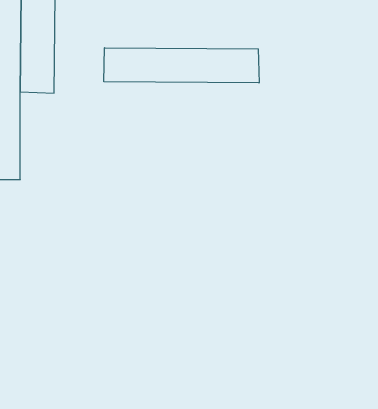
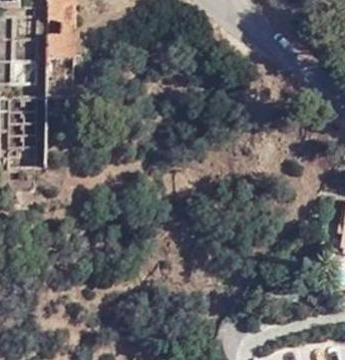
building: [104,48,259,83] -> none

